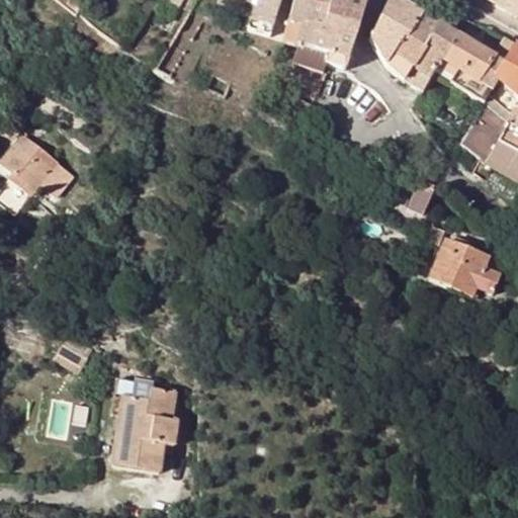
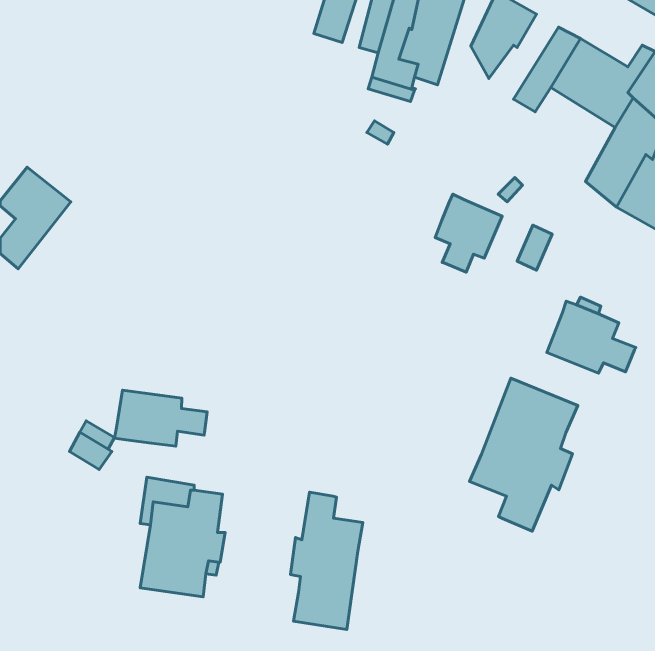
building: [386,11,441,78] -> none
building: none -> [435,194,502,272]
building: none -> [470,378,578,531]
building: none -> [114,390,207,446]
building: none -> [291,492,363,630]

